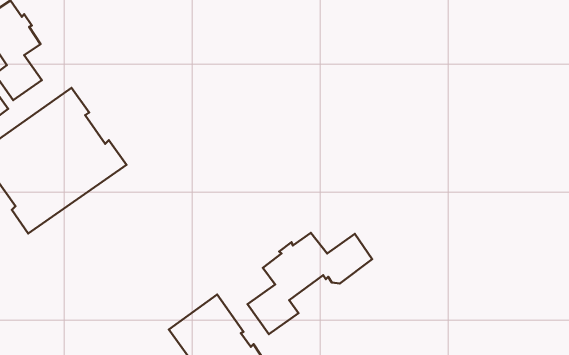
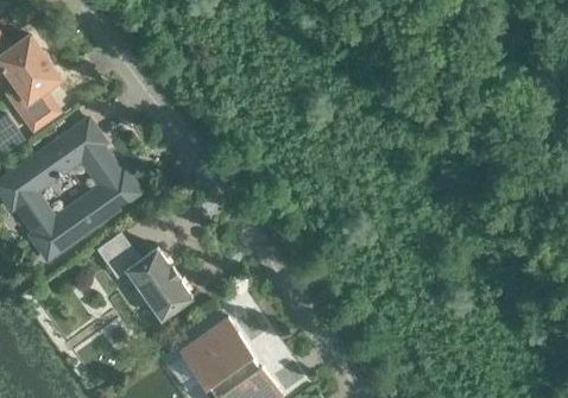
building: none -> [106,246,190,318]
building: [247,233,372,334] -> none

